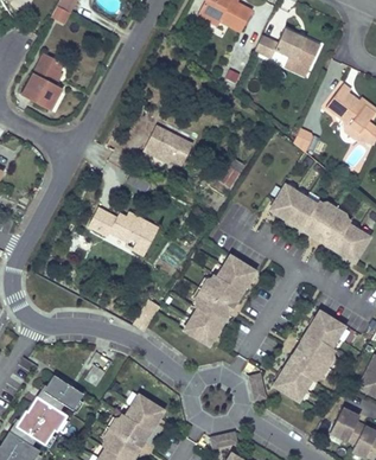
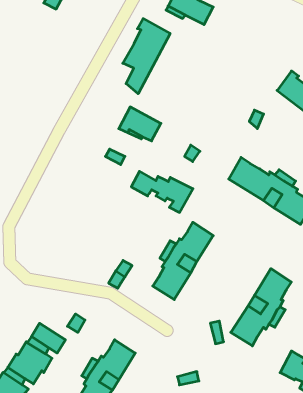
building: none -> [123,19,170,94]
building: [255,28,320,66] -> none
building: [23,53,64,109] -> none
building: [87,210,158,257] -> [131,171,193,212]

